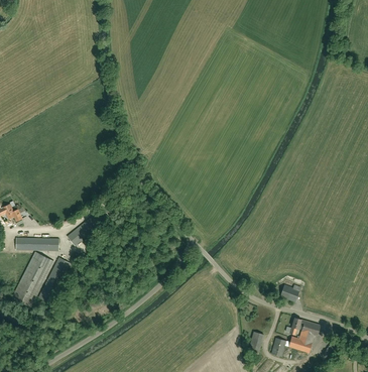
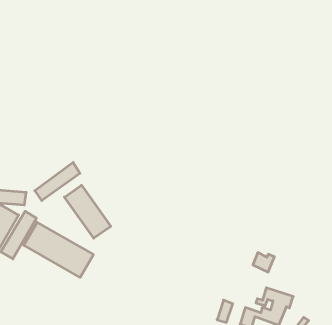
building: none -> [64,185,111,238]
building: none -> [24,222,93,277]

